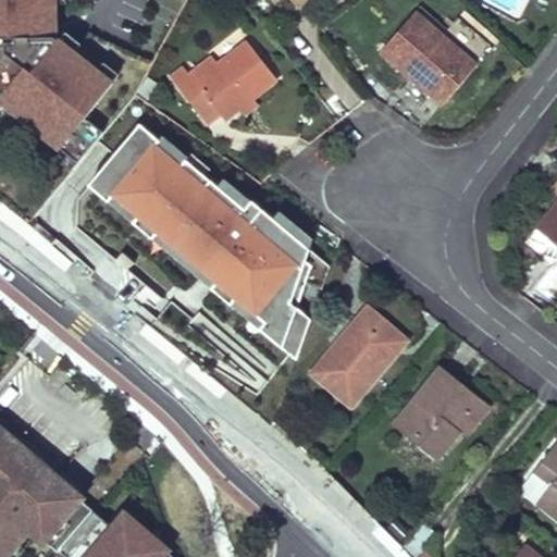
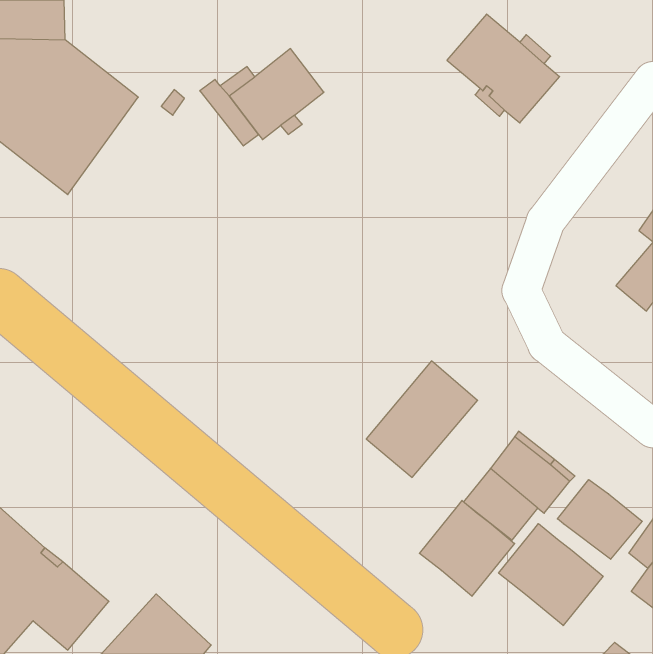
building: [87,125,329,360] -> none
building: none -> [557,480,642,559]
building: none -> [419,500,515,596]
building: none -> [499,524,603,626]

